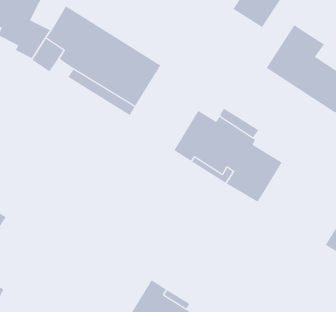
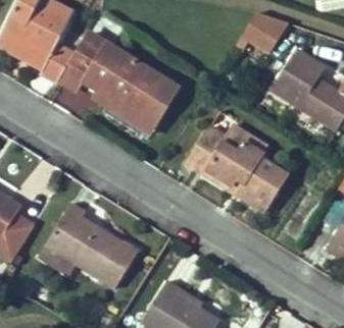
building: none -> [39,203,139,288]

